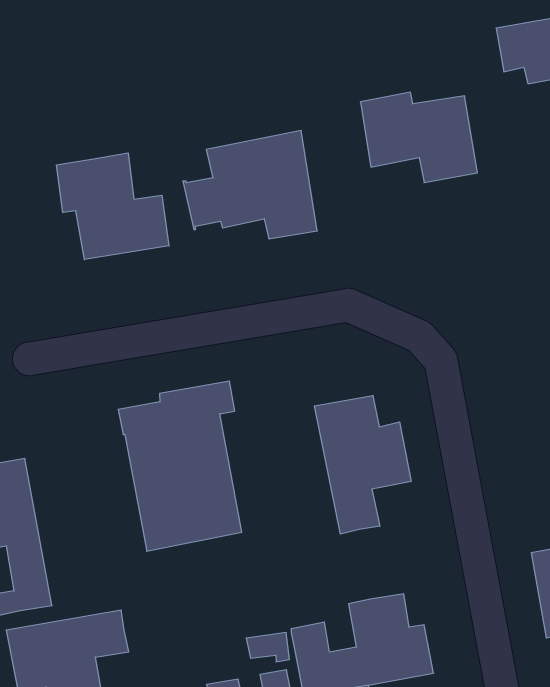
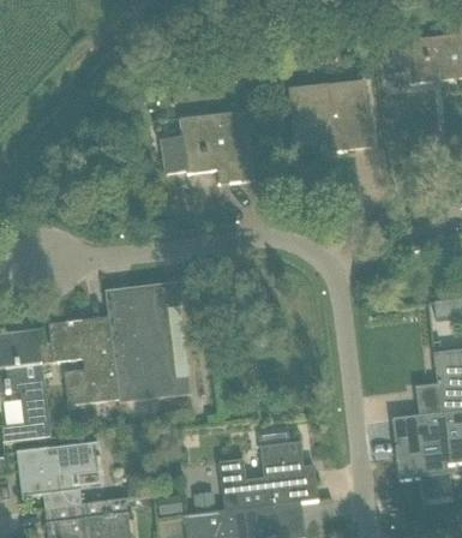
building: [57,153,169,260] -> none
building: [314,395,411,534] -> none
building: none -> [49,316,120,405]

